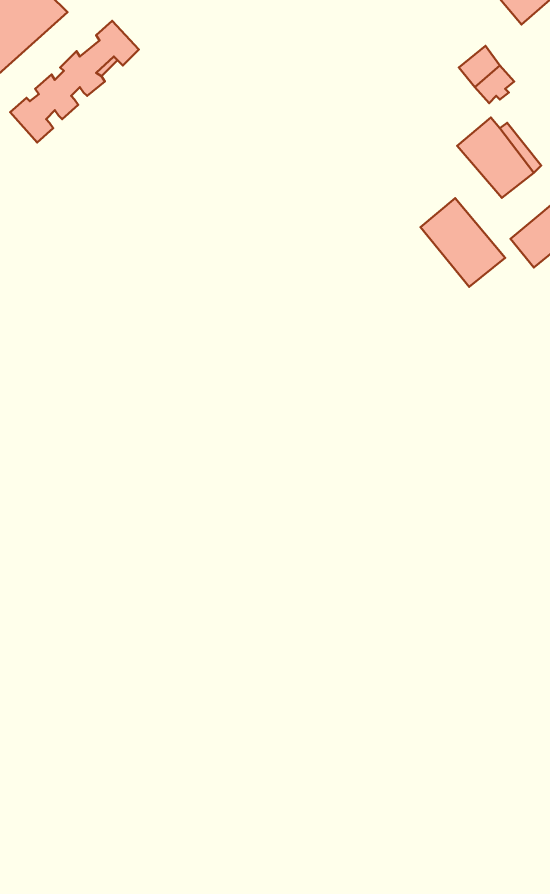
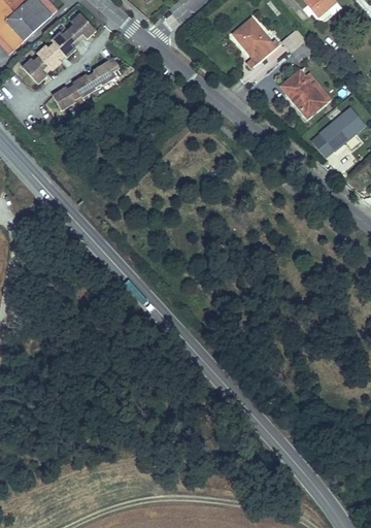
building: none -> [232,19,274,62]
building: none -> [52,57,120,109]
building: [421,198,505,287] -> none

